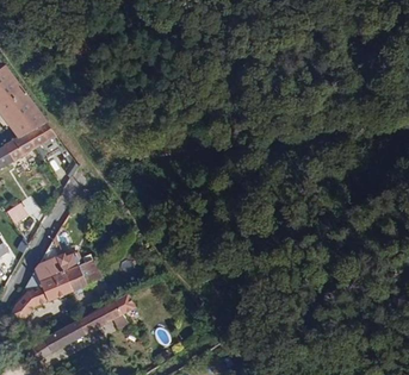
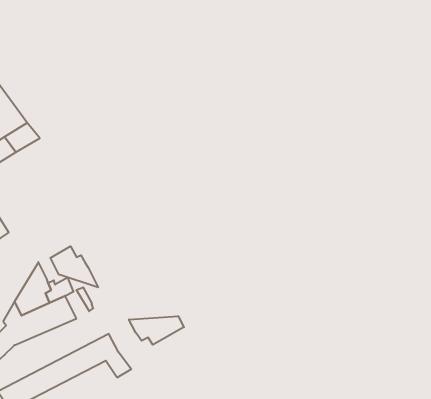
building: none -> [50,246,98,287]
building: none -> [129,316,184,345]

